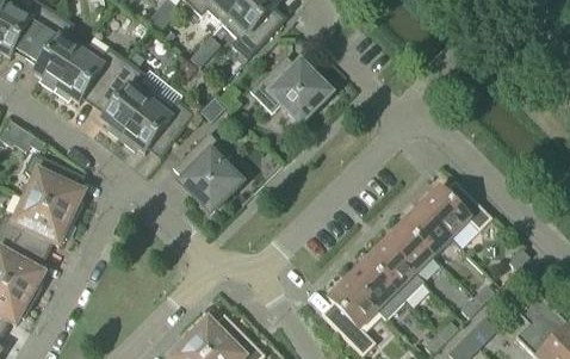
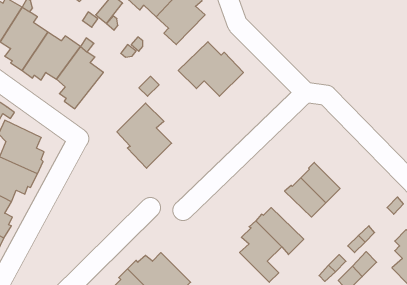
building: [120,93,194,154] -> none
building: [419,185,491,237] -> none
building: [365,241,423,301] -> none

